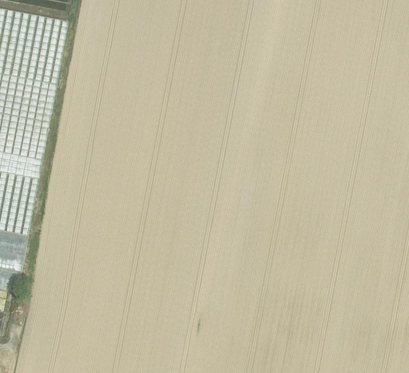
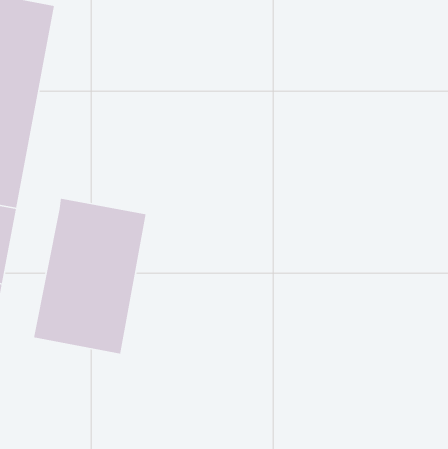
building: none -> [33,198,146,354]

